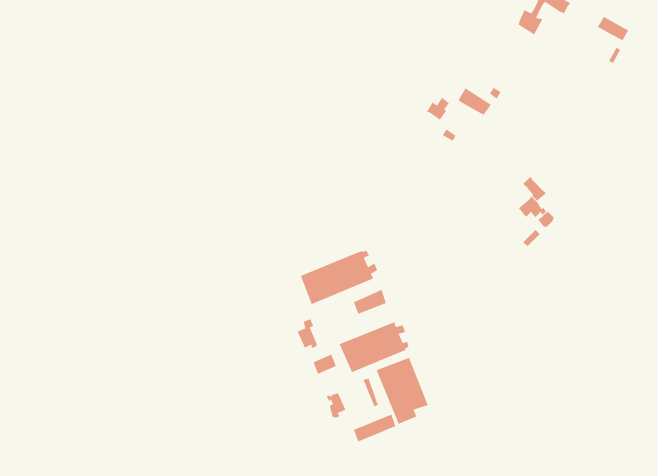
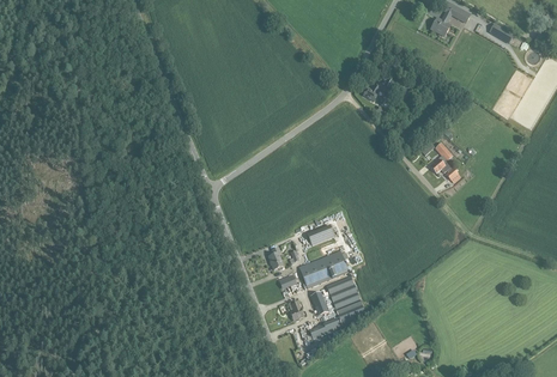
building: [300,250,378,305] -> none

